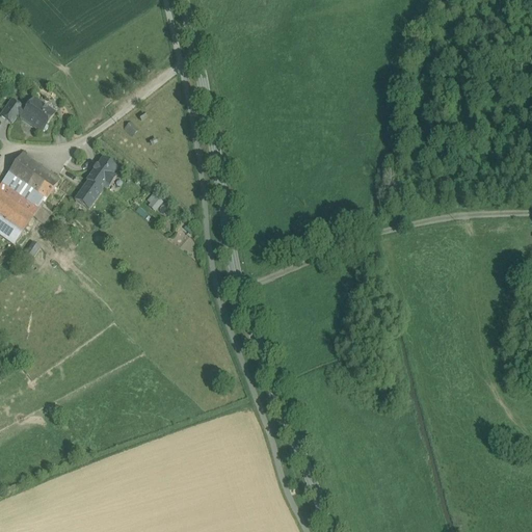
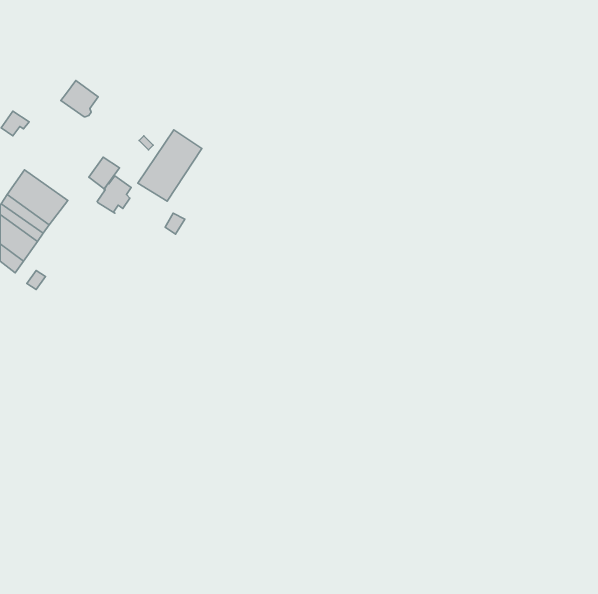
building: [21,97,54,129] -> [61,80,98,117]
building: none -> [138,130,202,201]
building: [75,180,102,208] -> [89,157,119,189]

